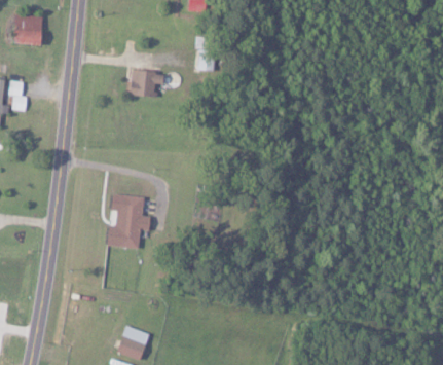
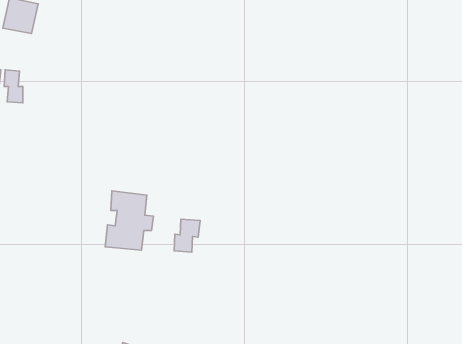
building: [130,70,161,97] -> none
building: none -> [174,219,200,252]

